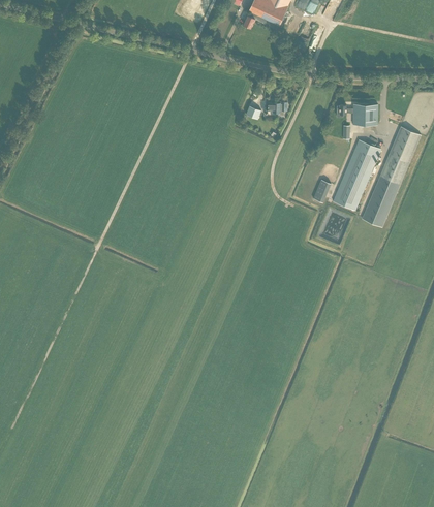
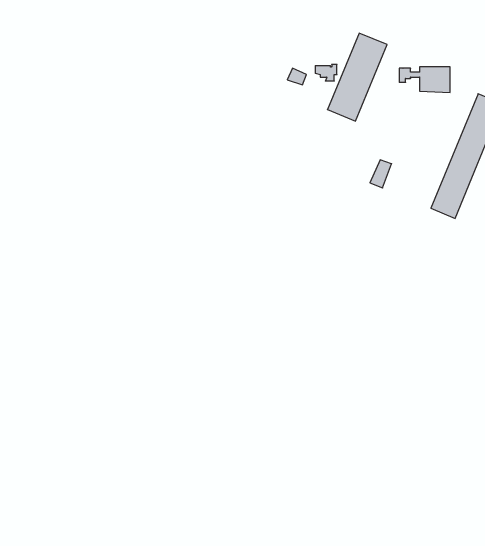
building: [332,138,380,210] -> [327,33,387,121]

